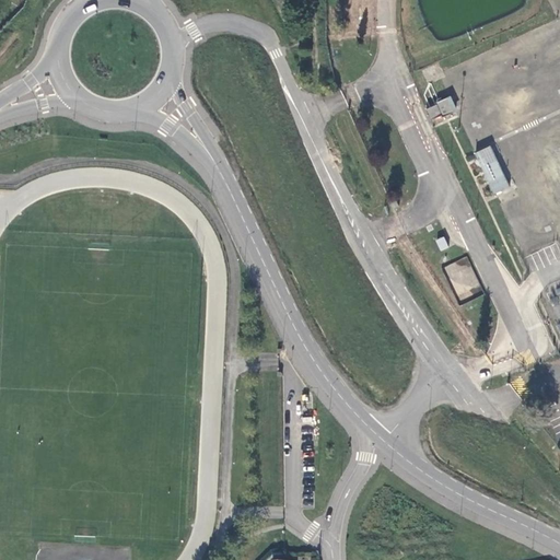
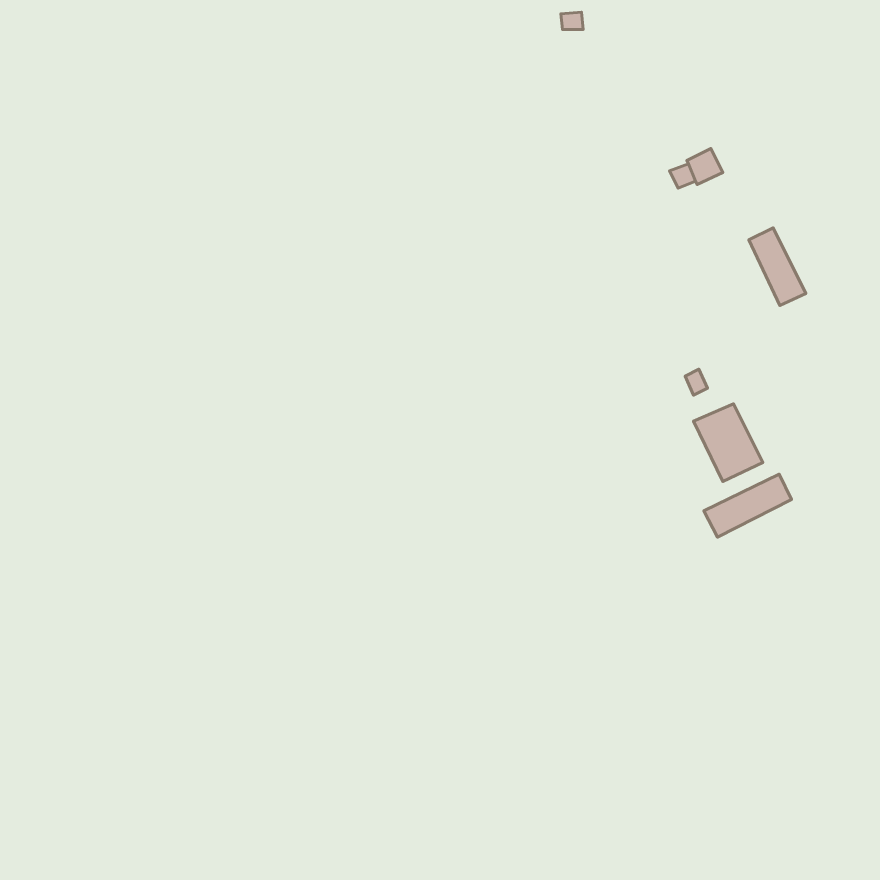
building: none -> [704,474,791,537]

